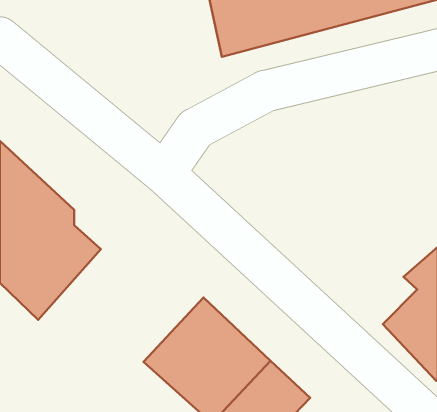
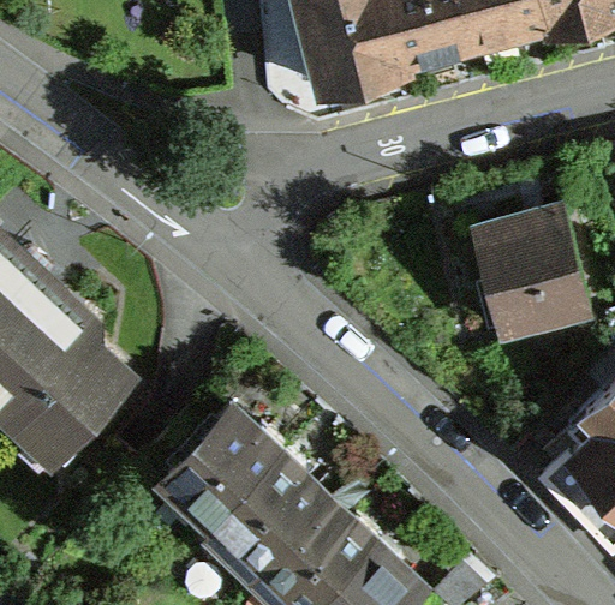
building: none -> [468,205,591,341]
building: none -> [149,395,286,533]

